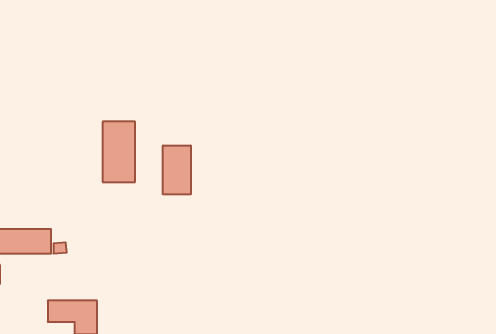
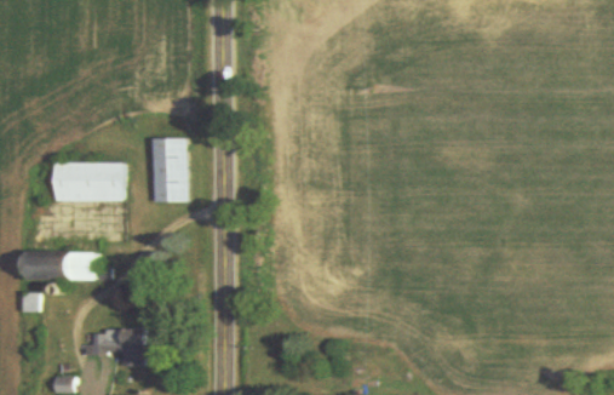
building: none -> [52,162,122,201]
building: [163,145,191,194] -> none

